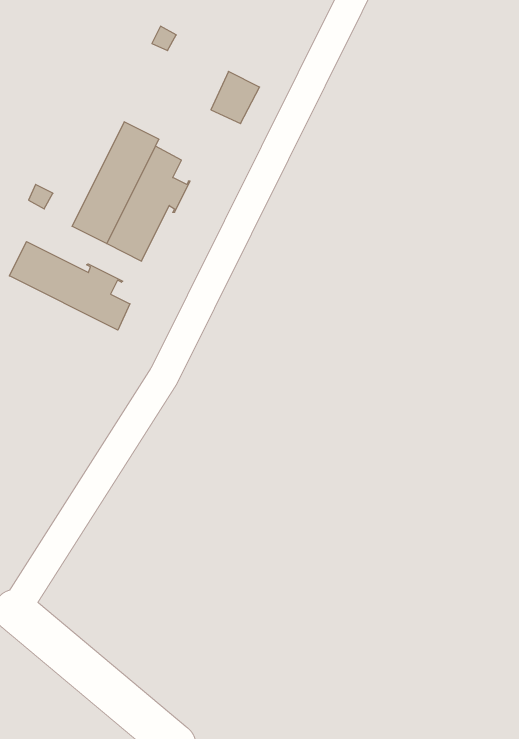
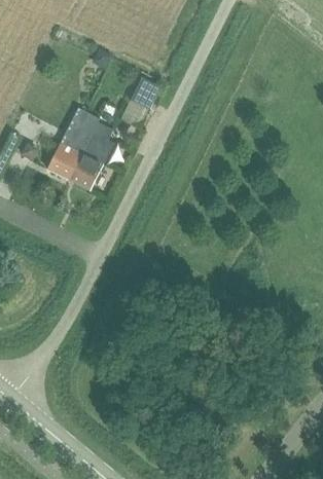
building: [9,242,130,330] -> none

